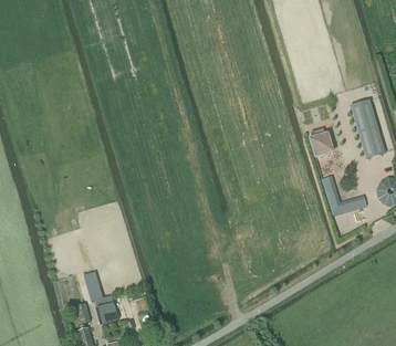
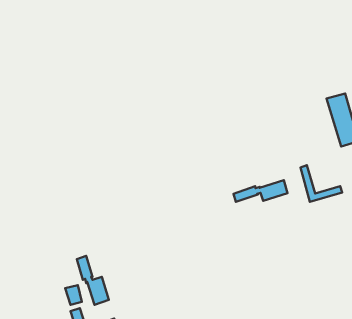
building: [311,127,334,156] -> none
building: none -> [233,180,288,202]

